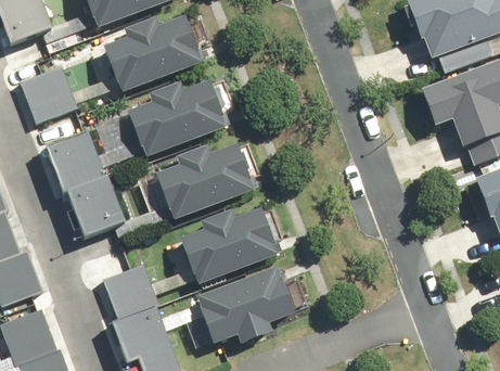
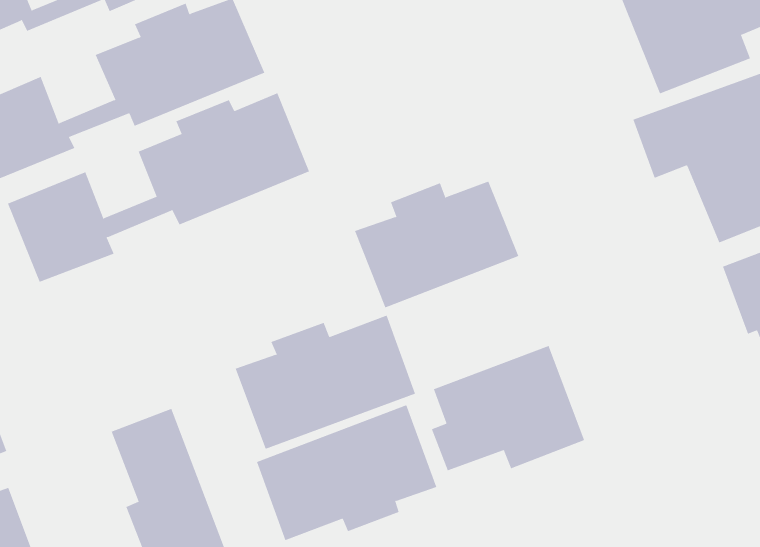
building: [151,141,251,218] -> [354,181,519,308]
building: [62,177,123,240] -> none
building: none -> [431,345,585,471]

